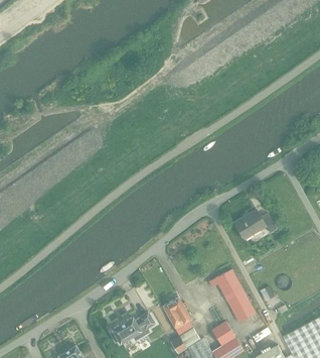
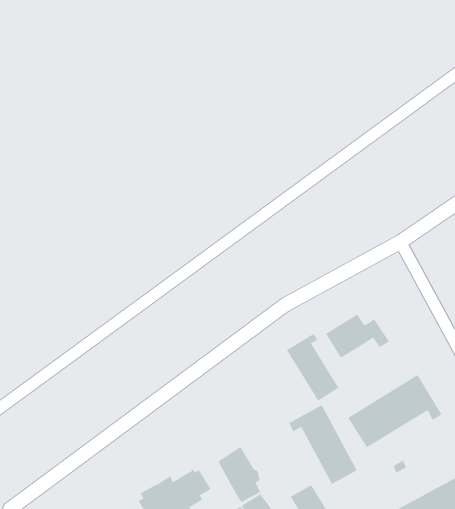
building: none -> [286,333,339,401]
building: none -> [348,374,442,448]

